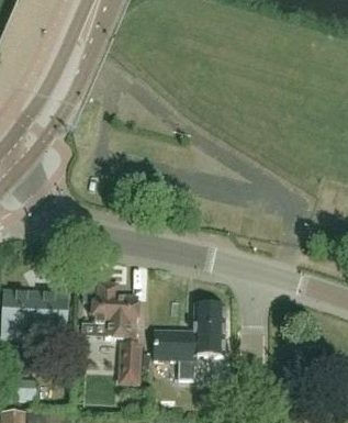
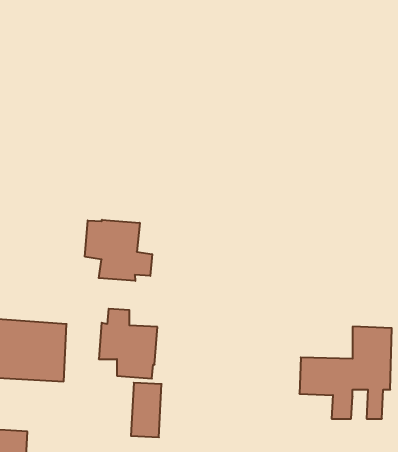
building: none -> [85,220,152,281]
building: [153,305,225,378] -> [299,327,392,419]

